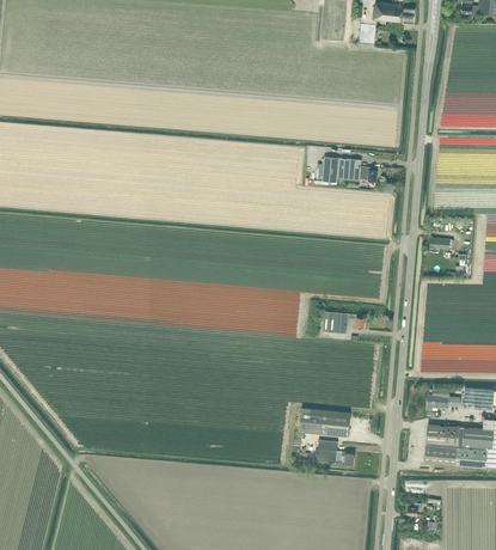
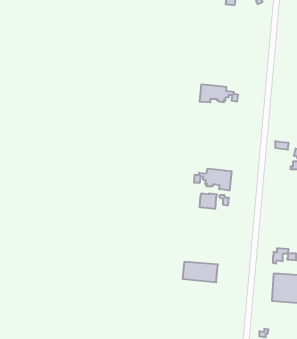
building: none -> [194,169,231,191]
building: [316,439,353,468] -> none

